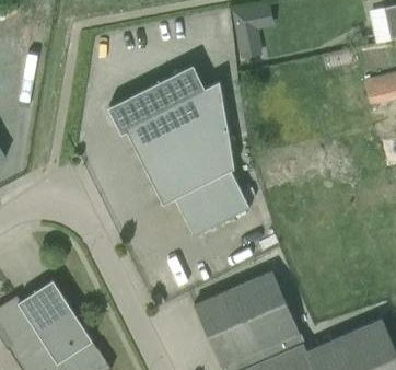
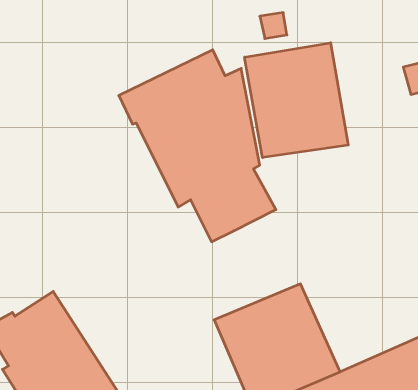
building: none -> [245,43,348,158]

